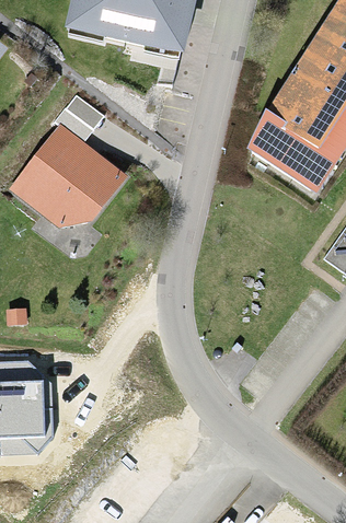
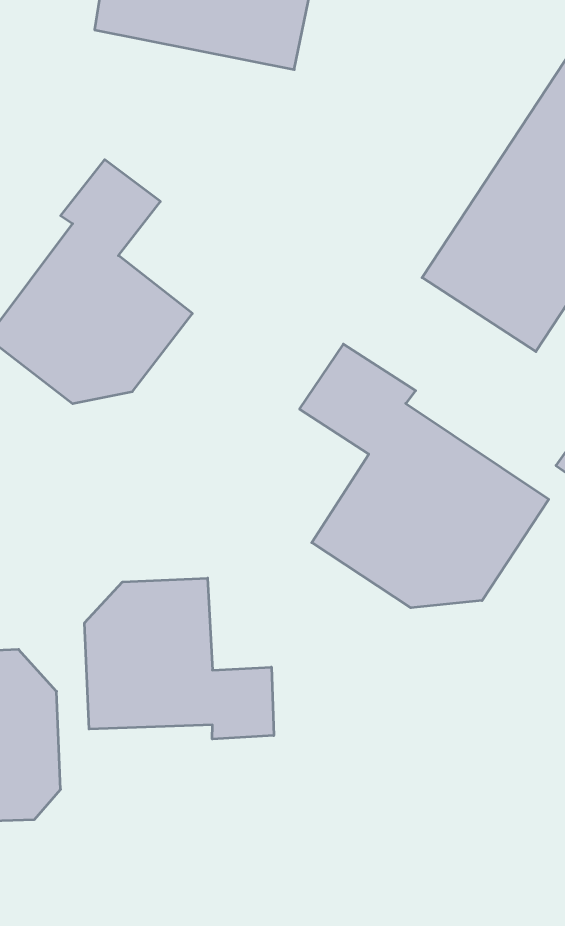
building: none -> [300,344,549,608]
building: none -> [85,578,274,739]

